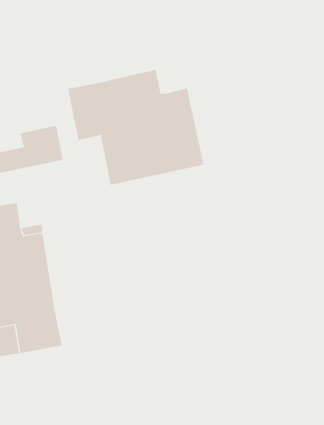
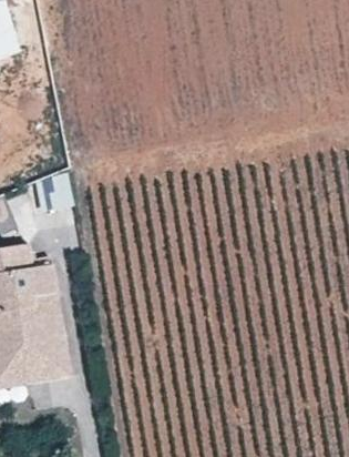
building: [67,69,204,185] -> none

